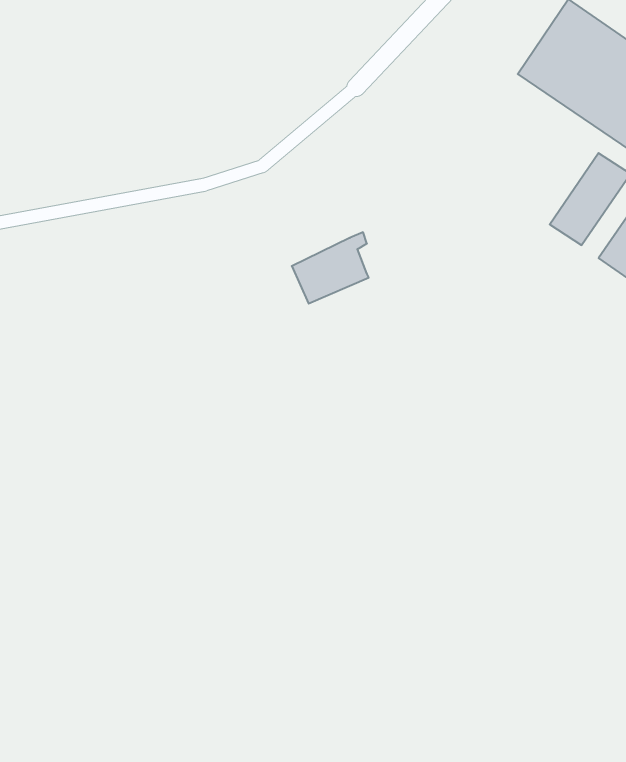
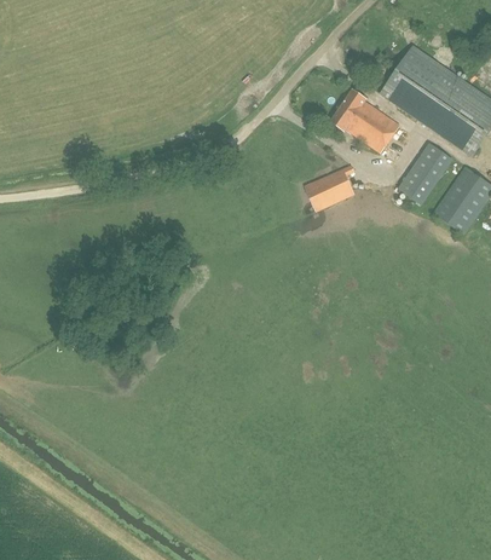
building: none -> [330,88,399,151]
building: [292,232,369,304] -> [305,163,354,209]

